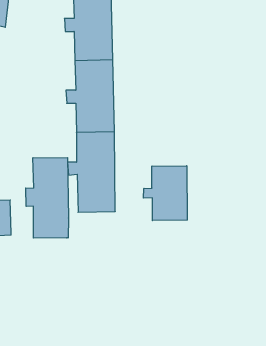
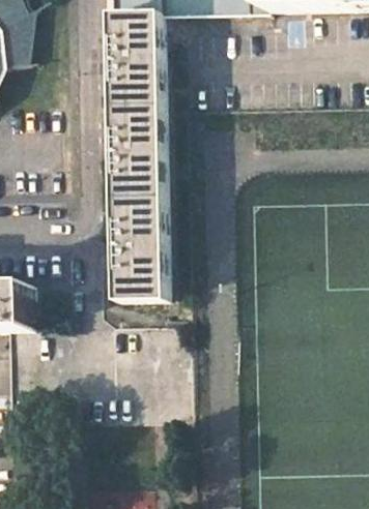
building: [26,158,68,238] -> none
building: [143,166,187,221] -> none

